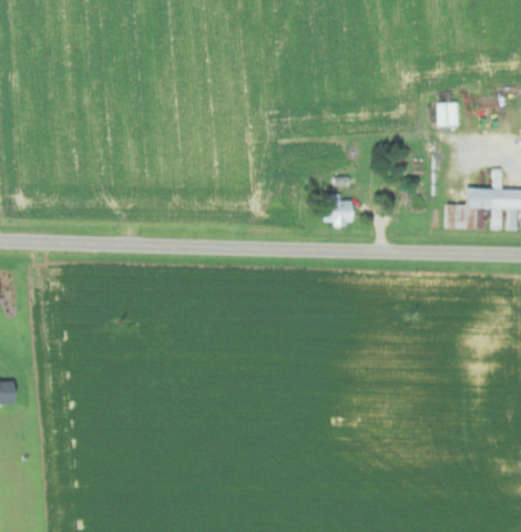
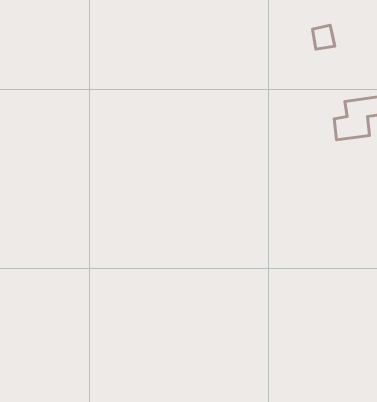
building: [324,195,354,225] -> none

